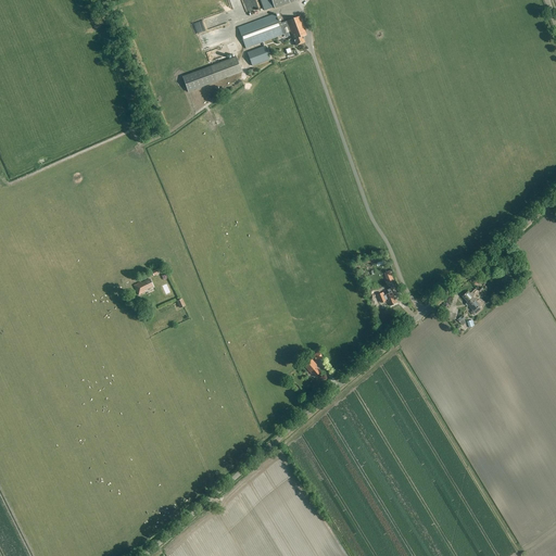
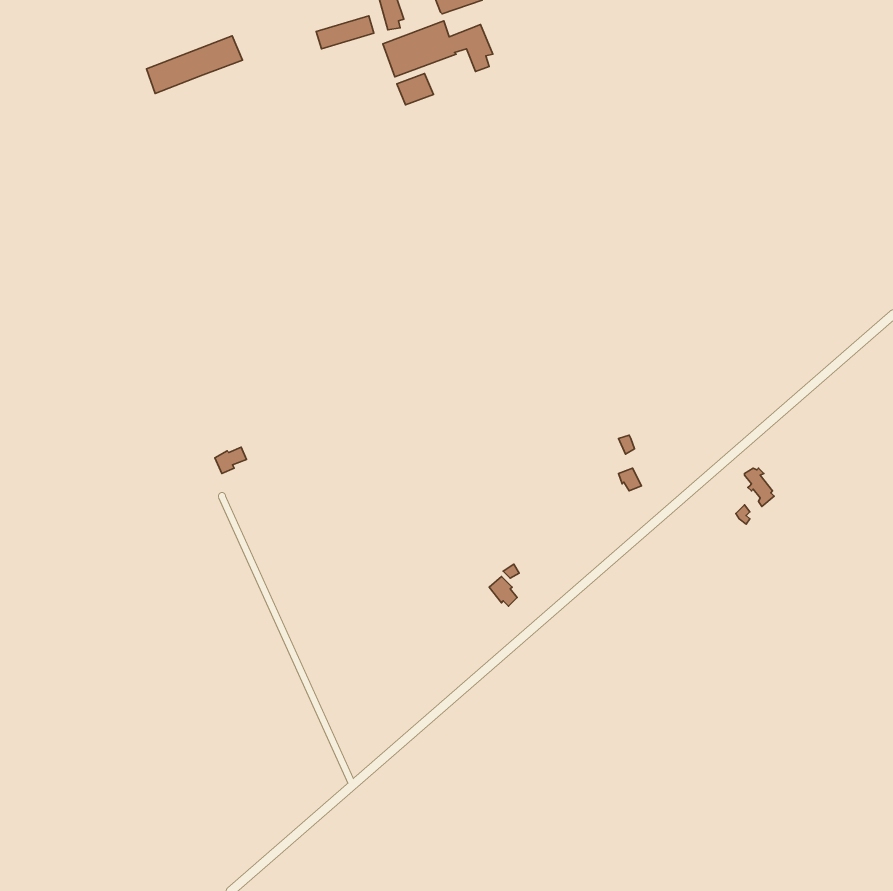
building: [182,56,242,92] -> [146,36,243,93]

